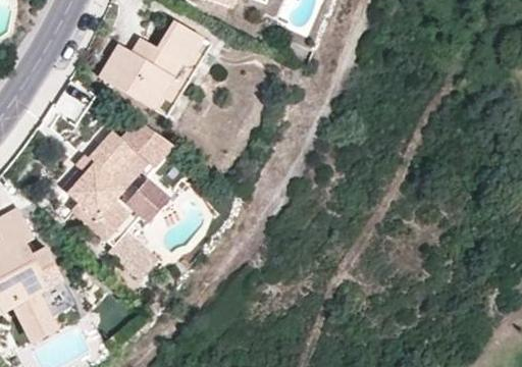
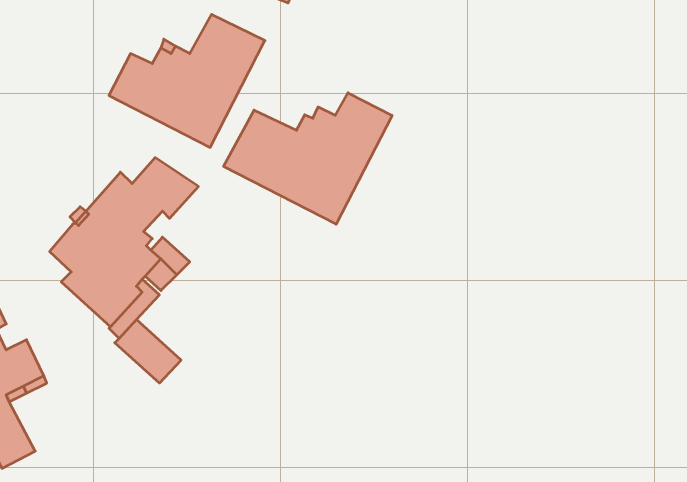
building: none -> [224,93,392,224]

